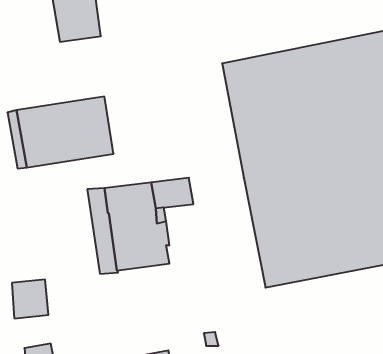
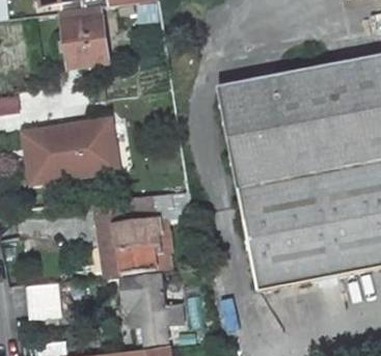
building: none -> [118,274,182,343]

